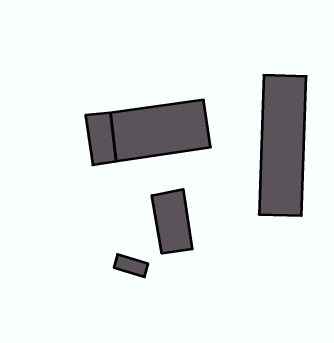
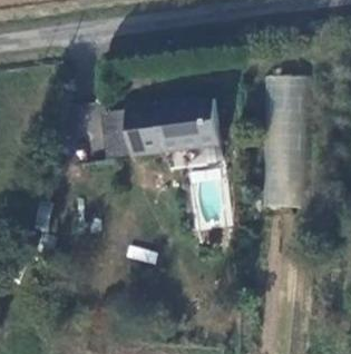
building: [152,189,192,253] -> none

